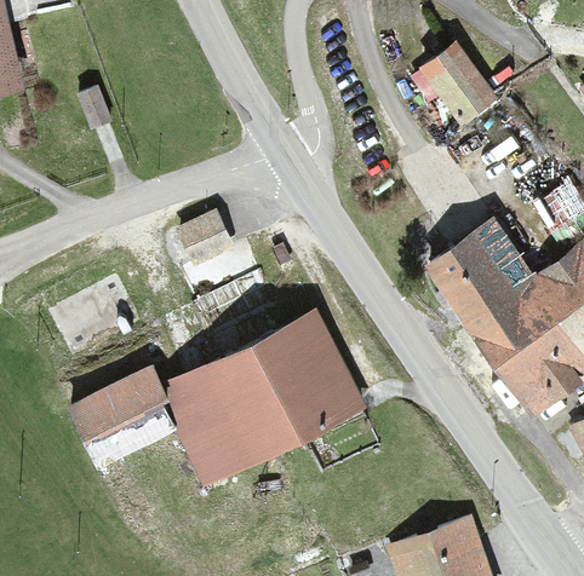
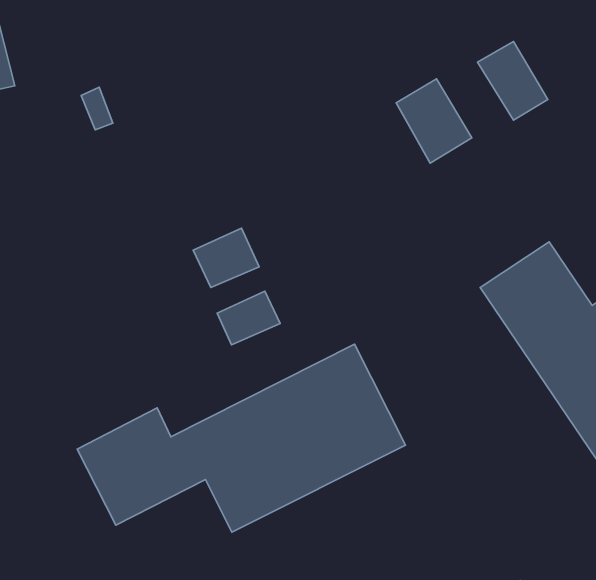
building: none -> [396,79,472,163]
building: none -> [217,291,280,345]

